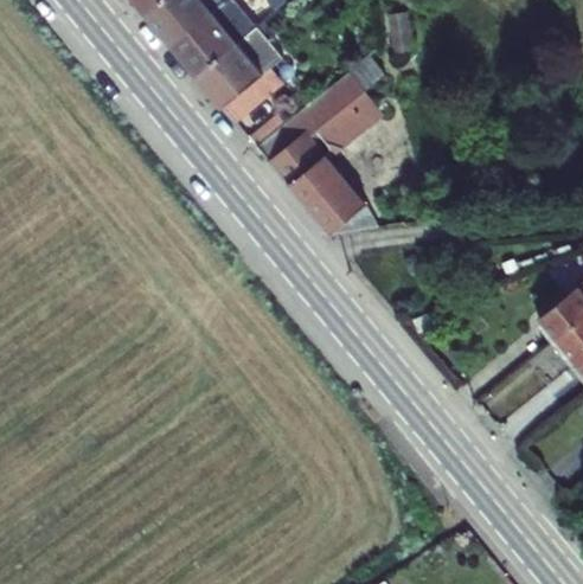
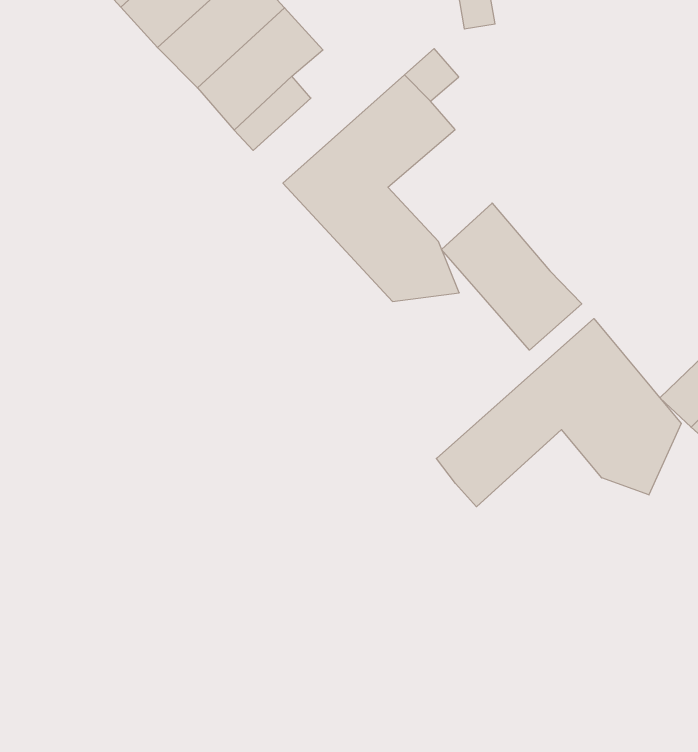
building: none -> [442,203,582,350]
building: none -> [436,319,681,507]

